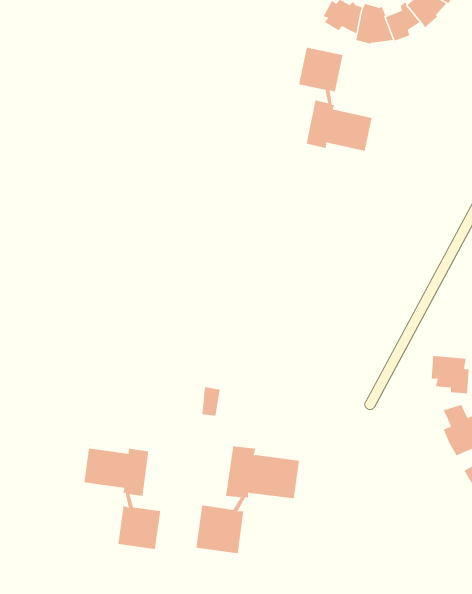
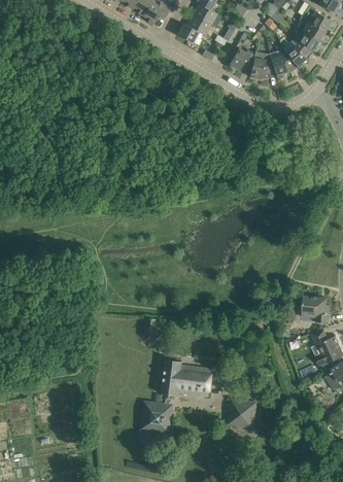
building: [299,47,372,156] -> none
building: [84,444,161,550] -> none
building: none -> [230,398,258,426]

